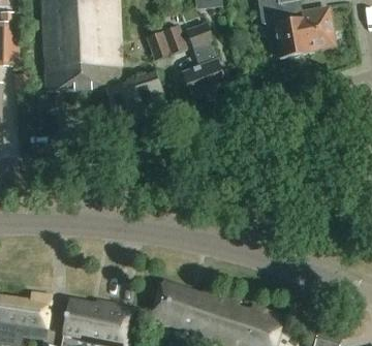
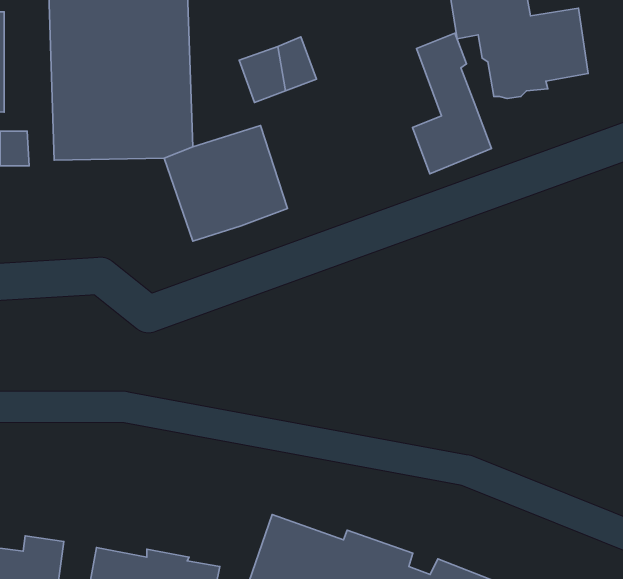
building: [183,23,225,98] -> [413,33,492,174]

